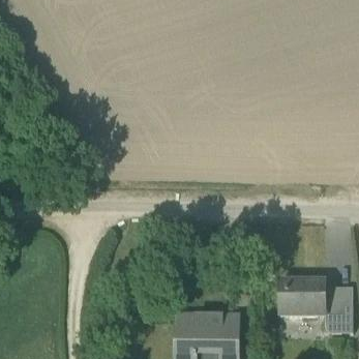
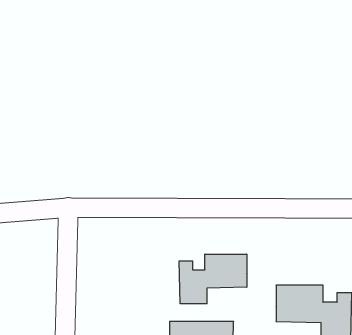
building: none -> [179,254,247,304]

